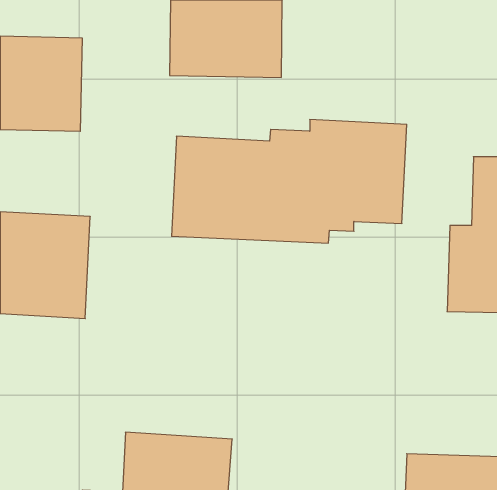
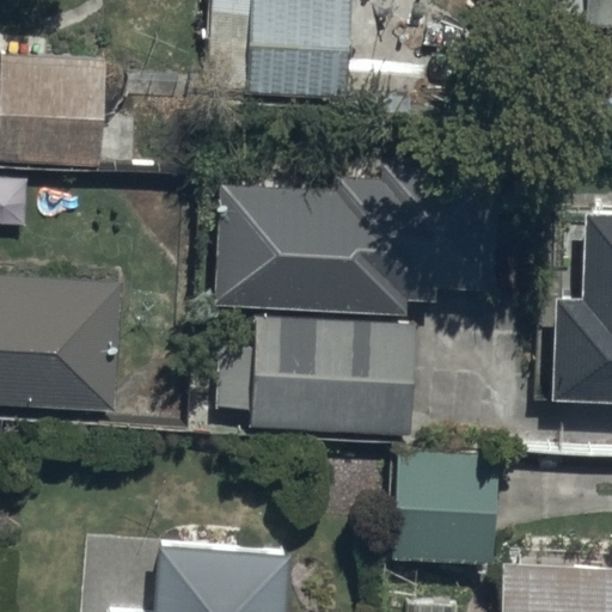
building: none -> [220,319,412,436]
building: none -> [394,453,497,567]

